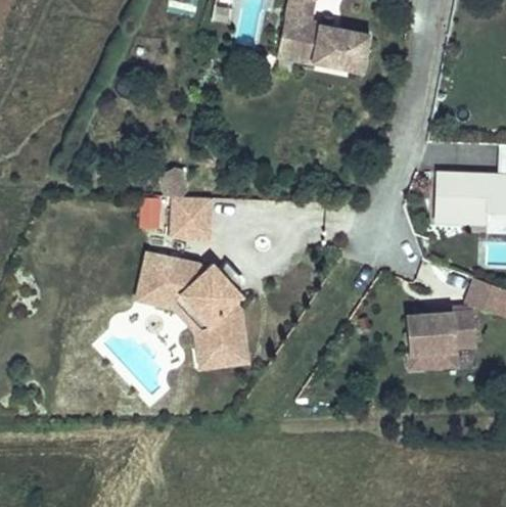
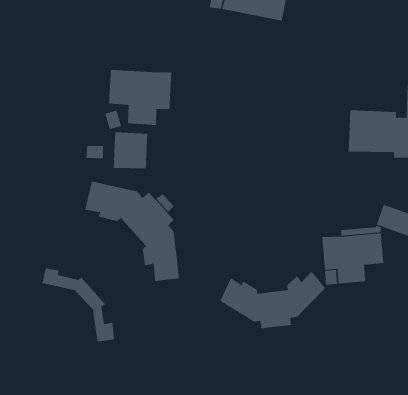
building: none -> [109,69,172,126]
building: [135,284,218,368] -> [41,268,115,342]
building: none -> [220,271,326,329]

